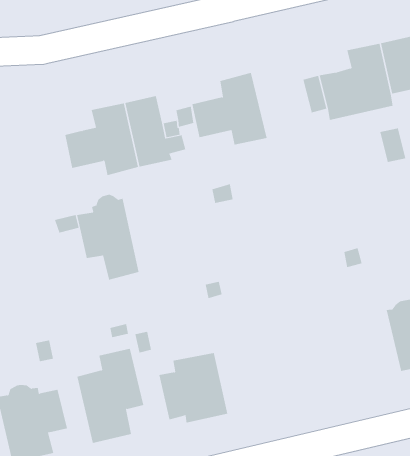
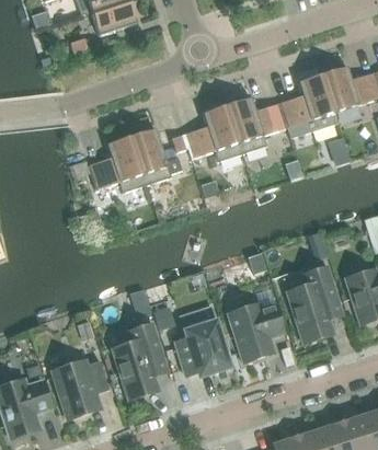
building: none -> [226,96,266,153]
building: [76,194,139,280] -> none
building: none -> [286,266,342,342]
building: none -> [228,302,284,361]

